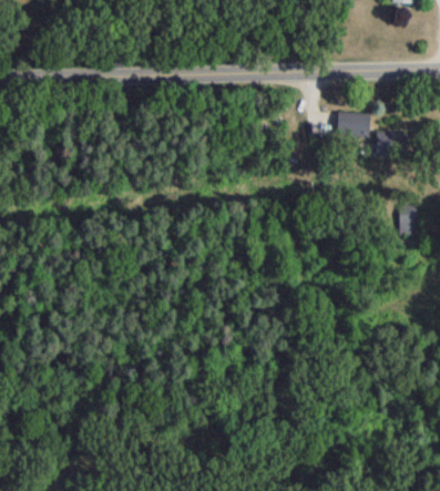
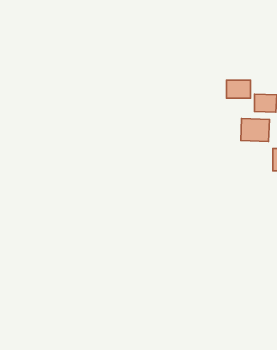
building: none -> [241,118,269,141]

